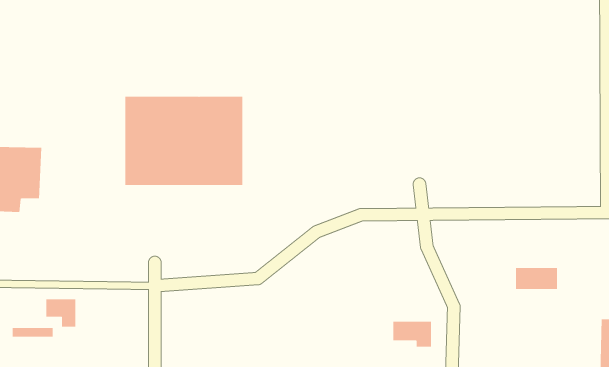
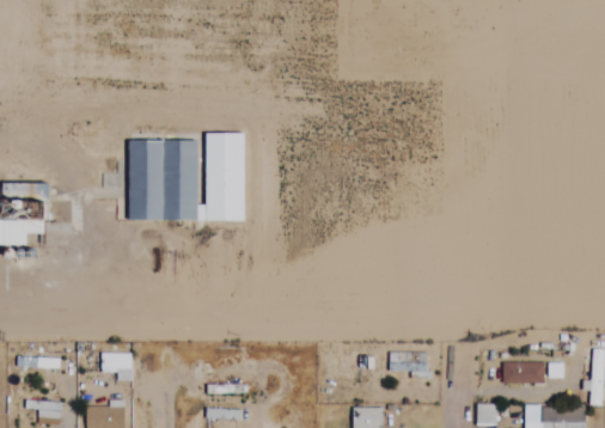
building: [515,267,558,289] -> [503,362,545,384]
building: [45,299,76,327] -> [102,353,132,380]

